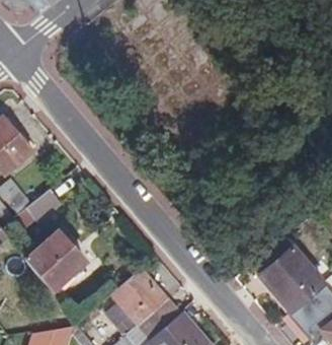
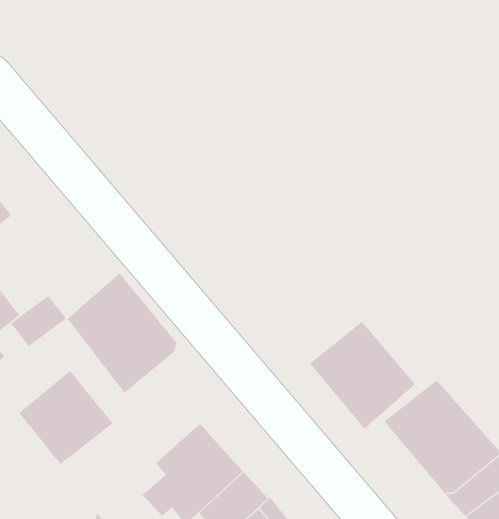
building: none -> [67,272,178,394]
building: none -> [309,321,416,430]

